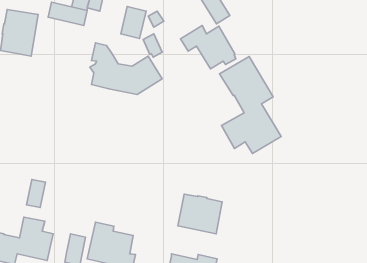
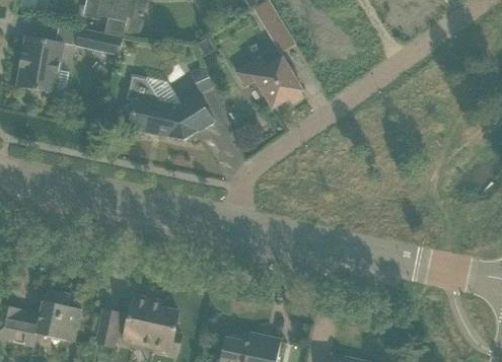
building: [121,6,146,38] -> none
building: [219,57,281,154] -> none
building: [26,179,45,207] -> none
building: [178,194,222,234] -> none

